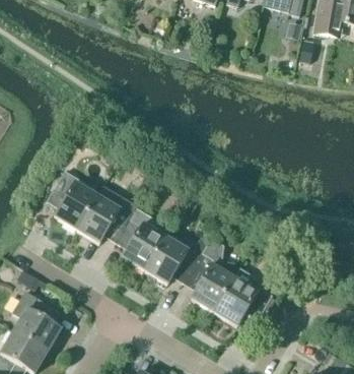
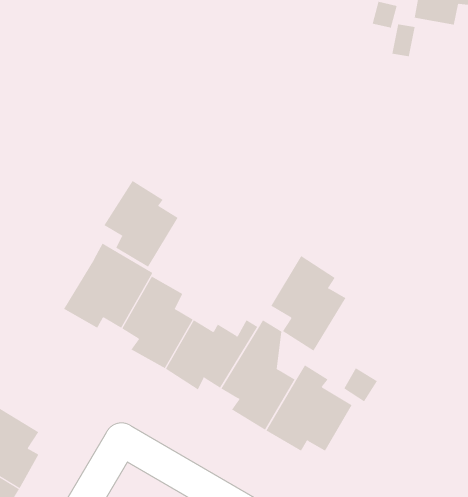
building: [46,171,96,230] -> [104,180,179,267]
building: none -> [270,255,346,352]

